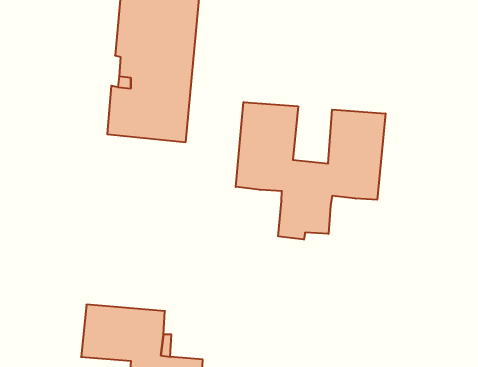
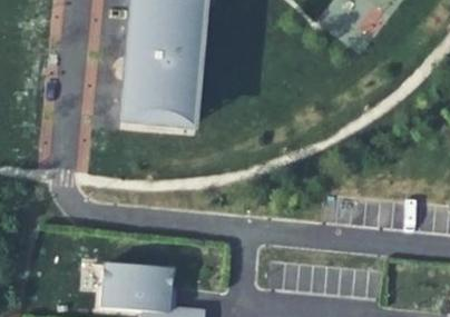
building: [236,102,385,240] -> none

